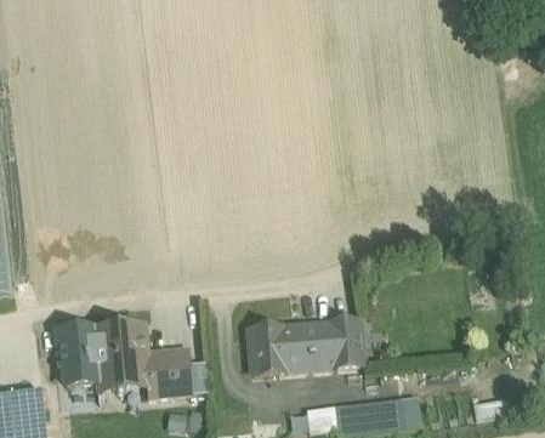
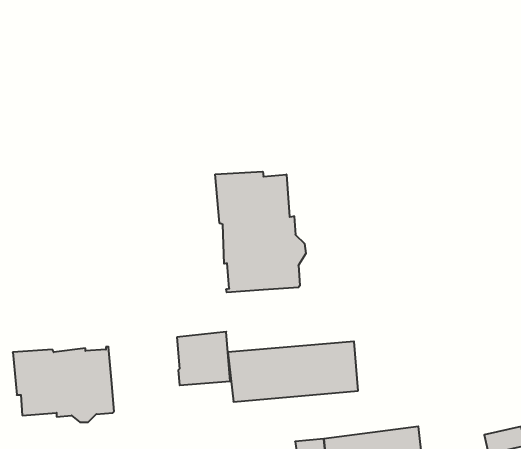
building: none -> [215,172,306,292]
building: [143,348,191,396] -> [177,332,230,385]

